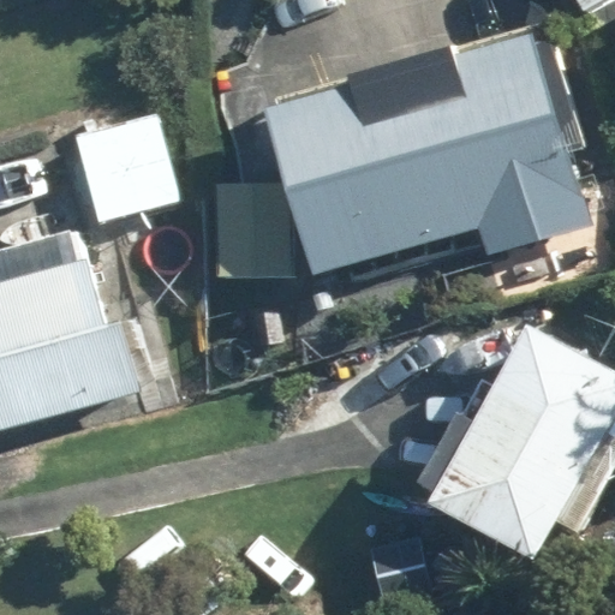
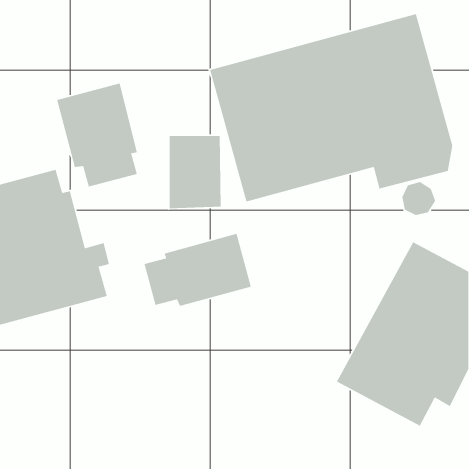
building: none -> [143,233,252,307]

